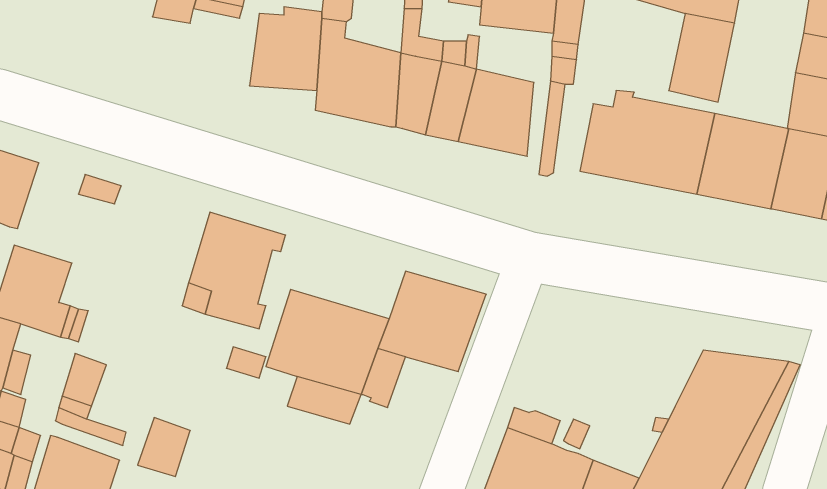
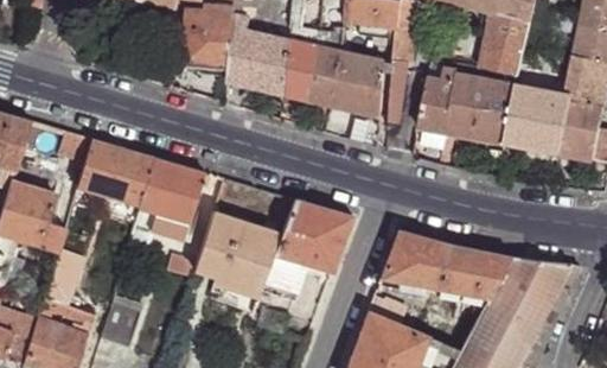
building: none -> [77,139,153,204]
building: none -> [381,230,509,297]

